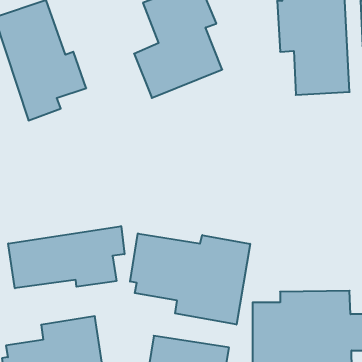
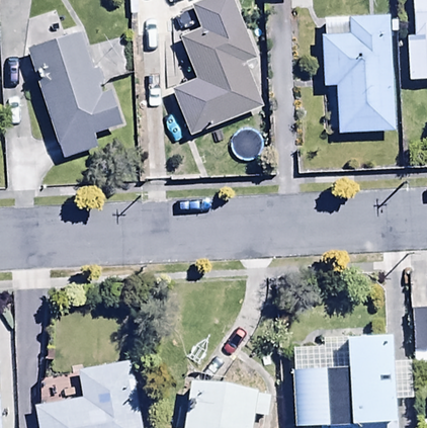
building: [8,226,124,288] -> none
building: [130,233,250,325] -> none

